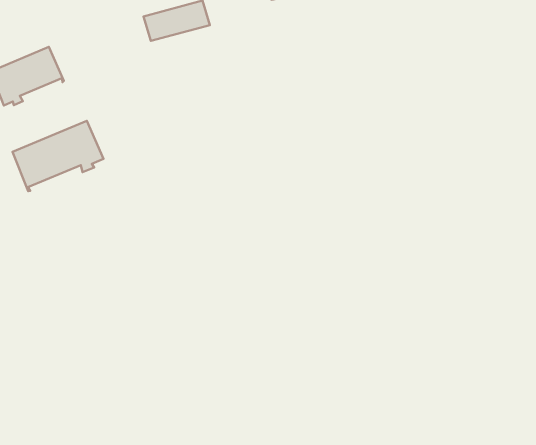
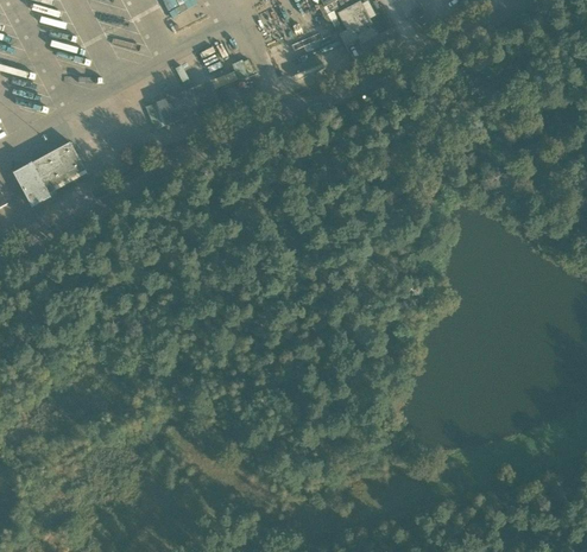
building: [12,121,103,191] -> none

